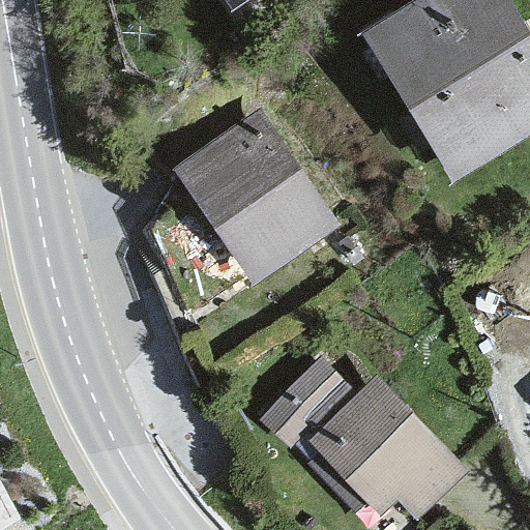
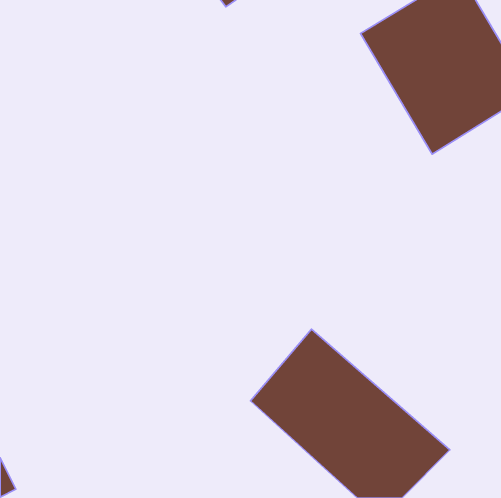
building: [173,109,335,279] -> none

